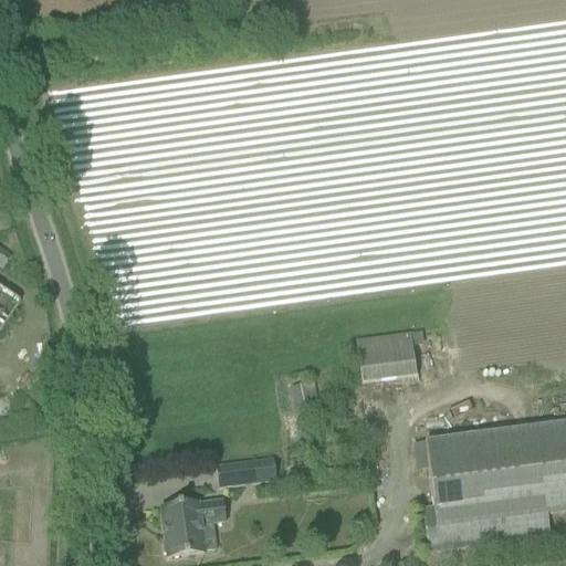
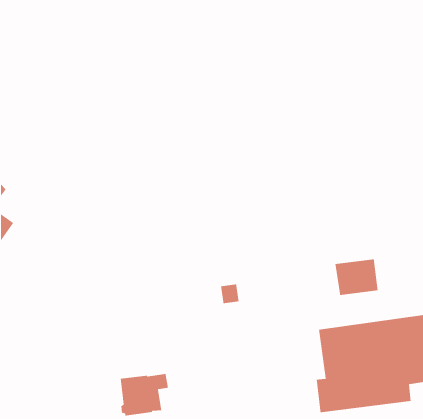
building: [356,328,415,378] -> [335,258,379,296]
building: [218,457,276,483] -> none

